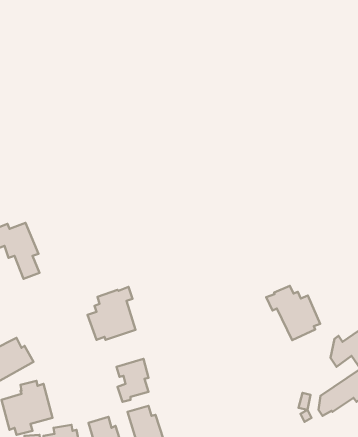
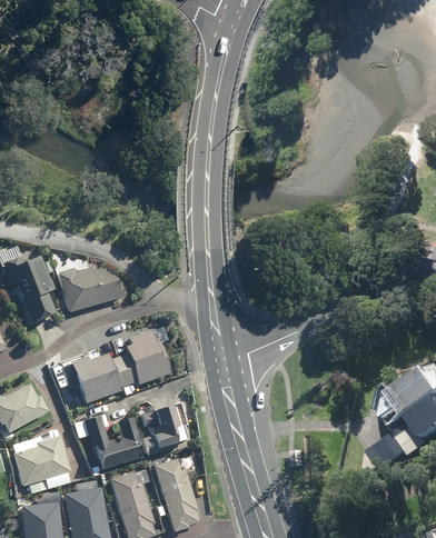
building: none -> [57,266,123,313]
building: [266,286,320,340] -> none
building: none -> [65,356,119,406]
building: none -> [87,417,141,470]

